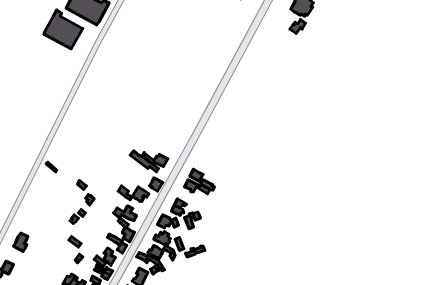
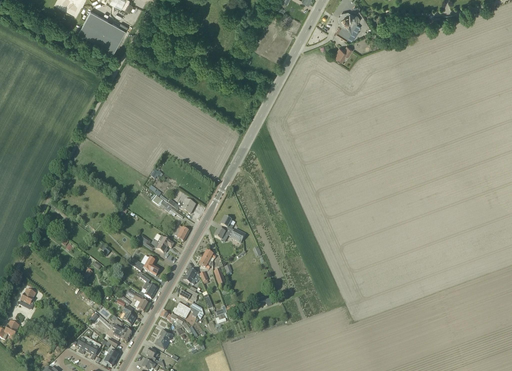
building: [44,10,83,49] -> none

